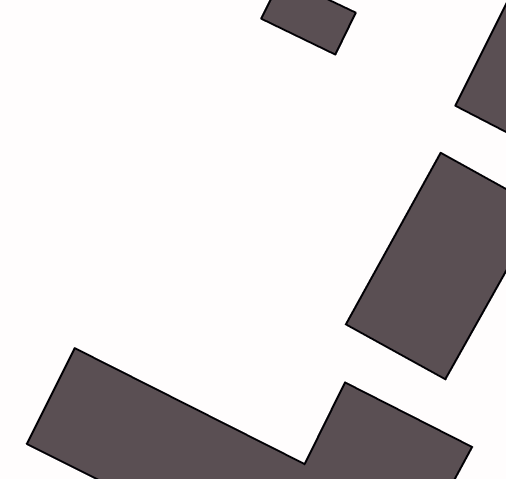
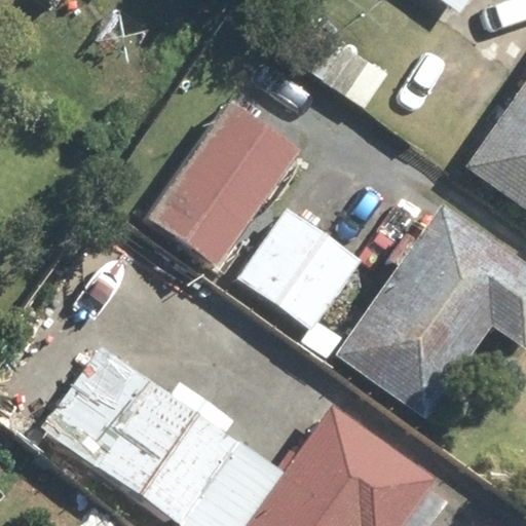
building: none -> [147,101,297,265]
building: none -> [239,208,365,333]

